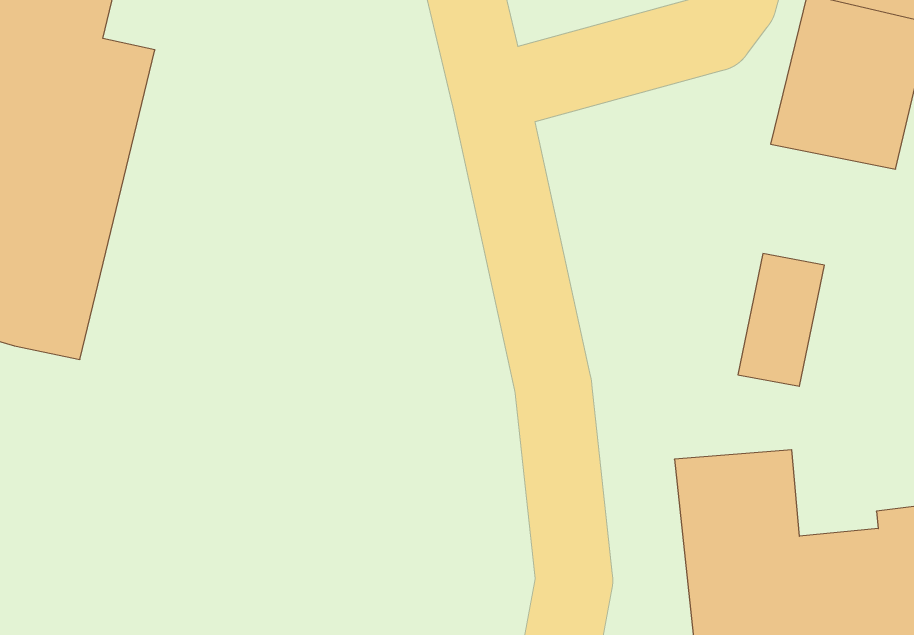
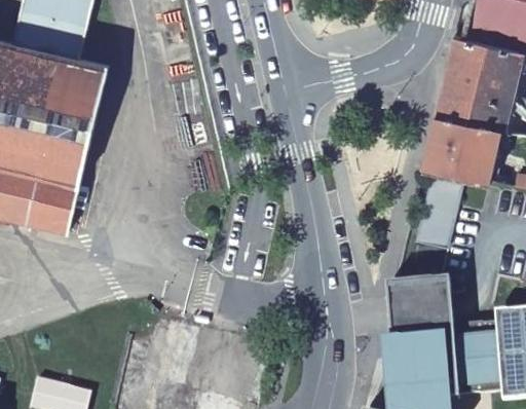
building: none -> [423,116,502,179]

